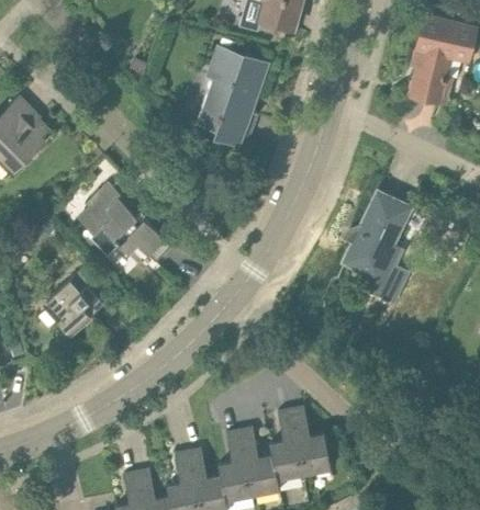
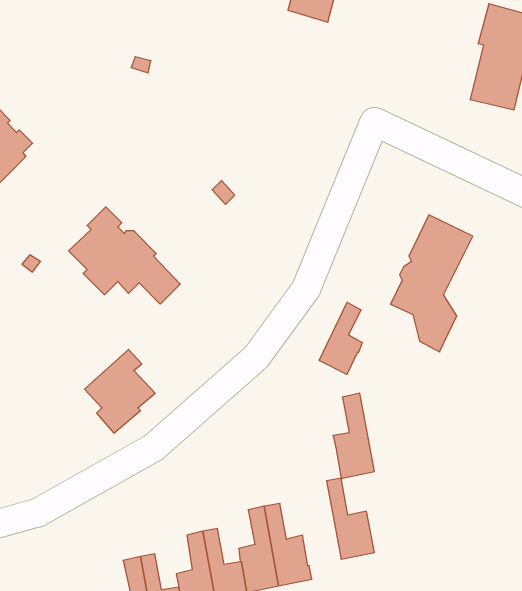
building: [197,46,264,147] -> none
building: none -> [319,302,362,374]
building: [46,269,104,338] -> [85,349,155,433]
building: [269,409,303,479] -> [333,393,374,478]

